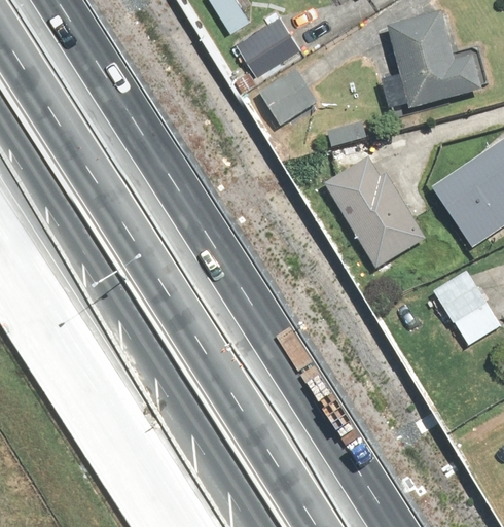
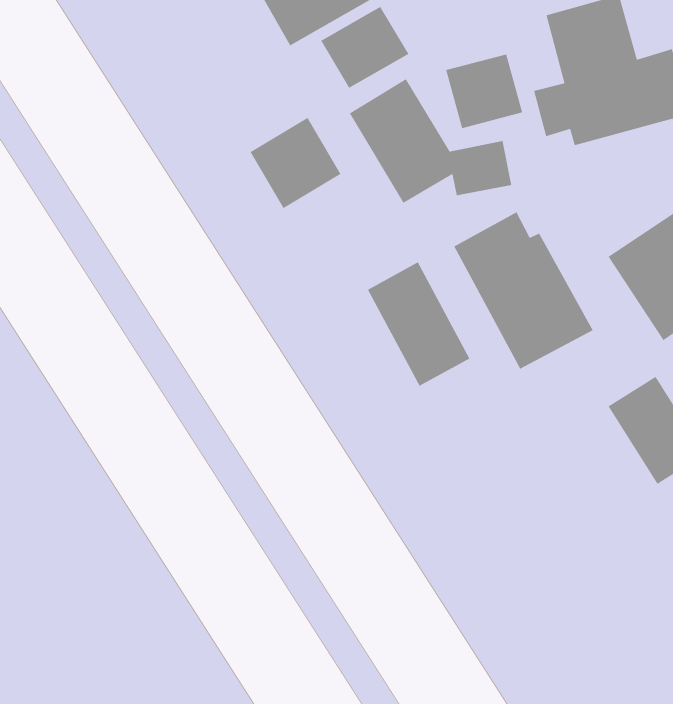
building: none -> [445,53,523,129]
building: none -> [250,117,341,209]
building: none -> [367,261,471,387]

